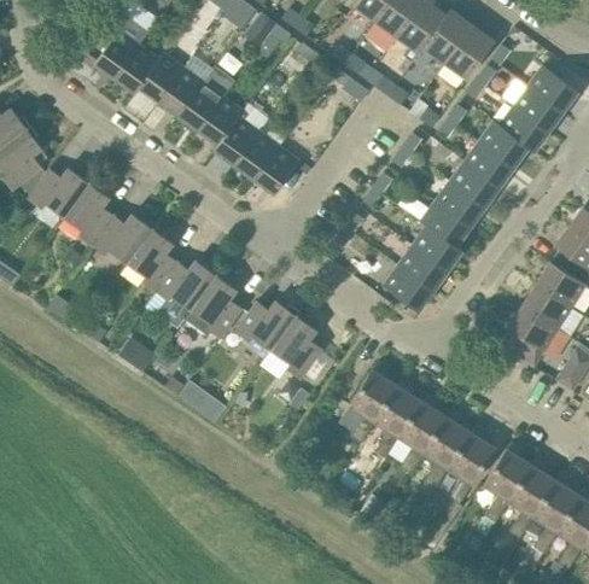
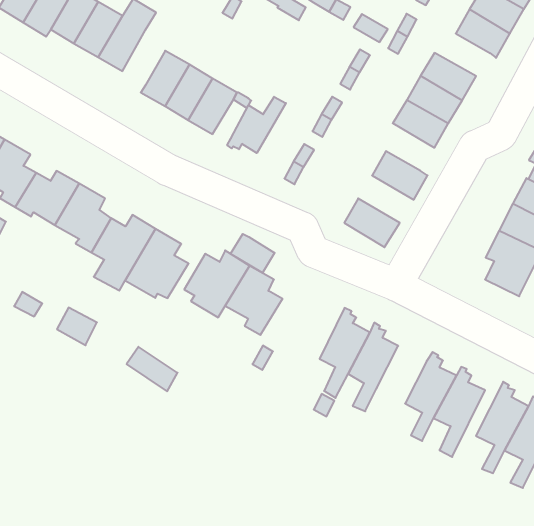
building: [199,97,244,146] -> none
building: [479,122,529,167] -> none
building: none -> [227,97,286,153]
building: [421,202,471,246] -> none
building: [398,246,448,291] -> none
building: none -> [231,234,275,273]
building: [398,393,445,472] -> none

